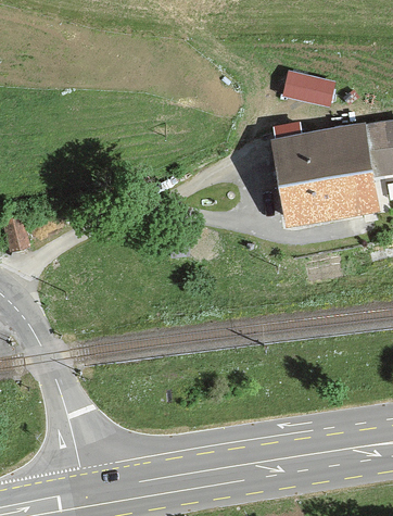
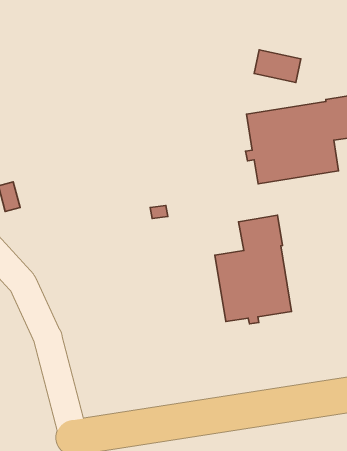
building: none -> [215,215,291,324]

